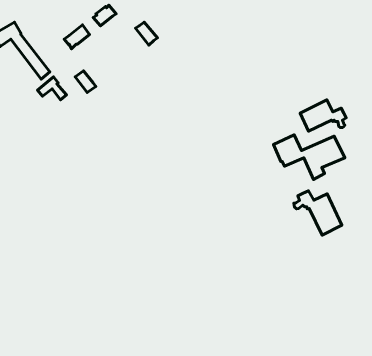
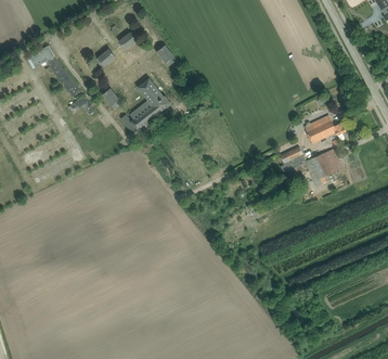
building: none -> [121,78,171,132]
building: [294,191,342,235] -> none

